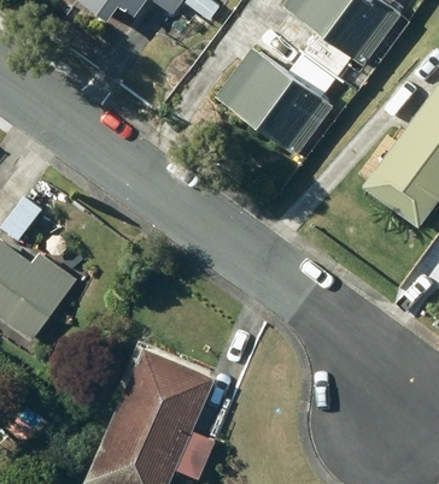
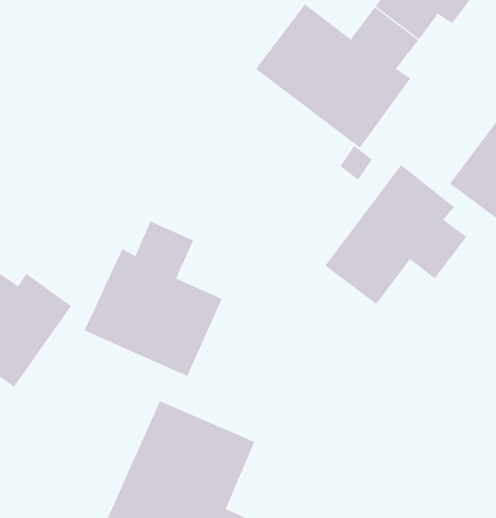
building: none -> [325,164,467,305]
building: none -> [84,220,222,377]

